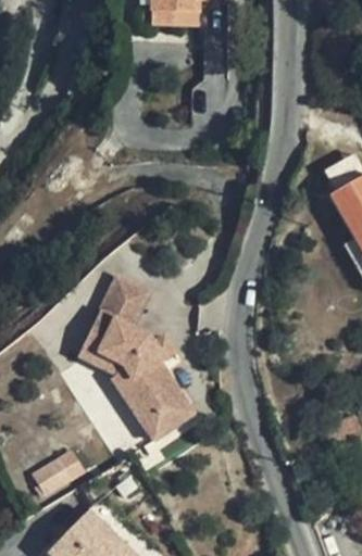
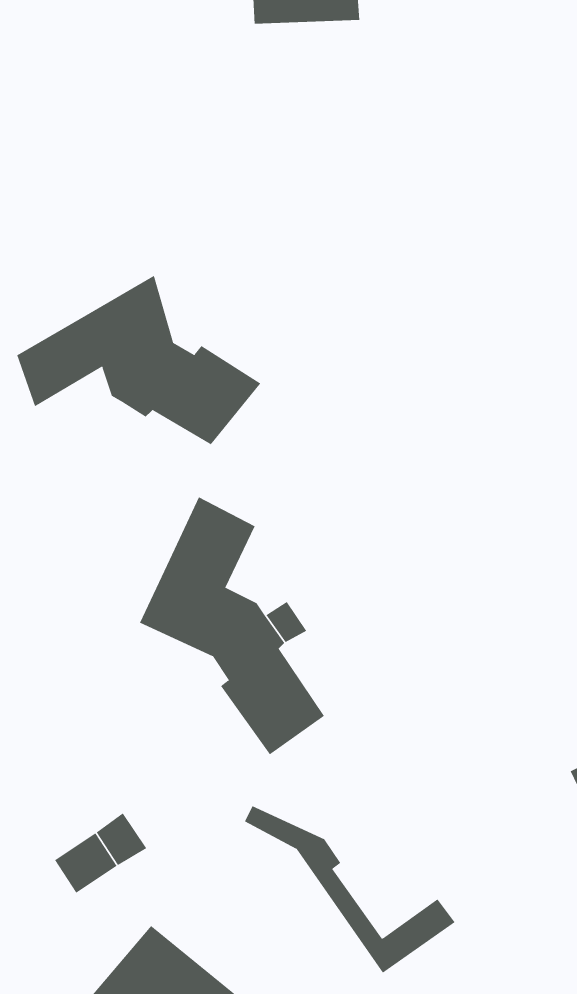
building: none -> [16,275,261,445]
building: [79,344,196,437] -> [244,806,456,974]

